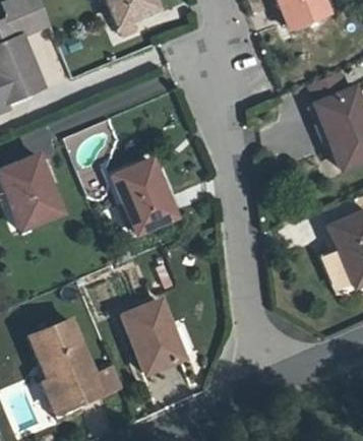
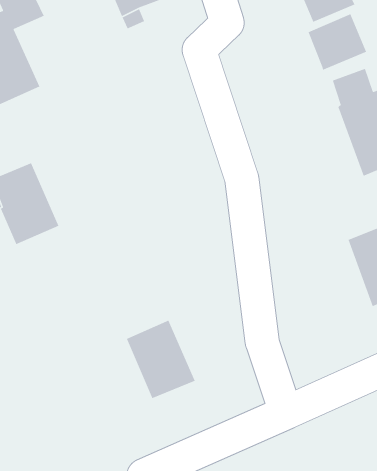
building: none -> [308,13,367,71]
building: [116,155,178,228] -> none
building: [36,316,108,418] -> none

